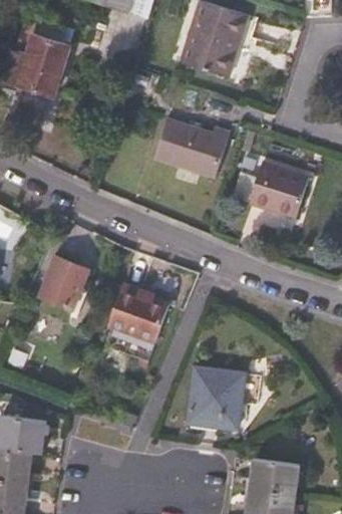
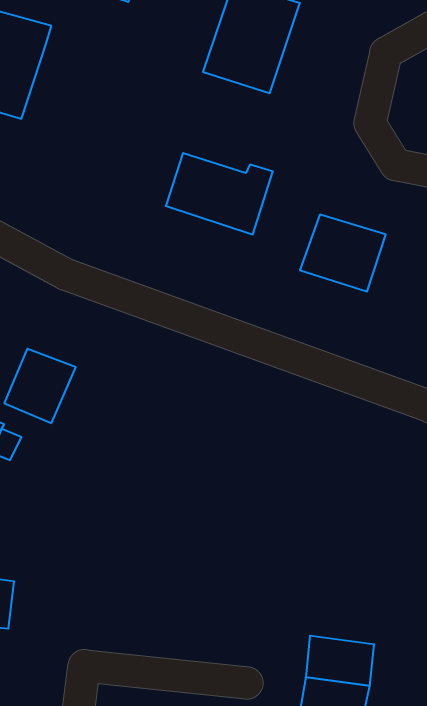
building: [107,282,169,341] -> none
building: [186,366,245,430] -> none

